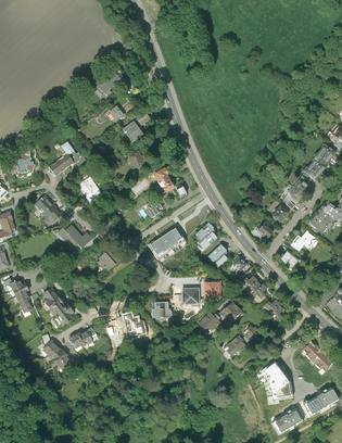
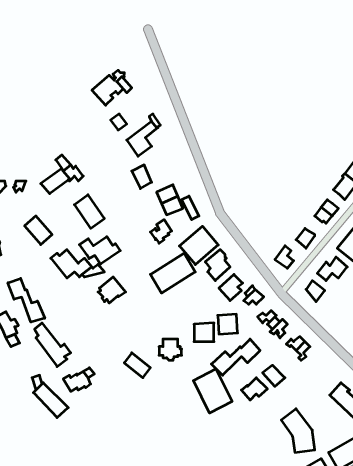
building: none -> [179,226,218,265]
building: none -> [79,237,120,264]
building: none -> [8,278,45,322]
building: none -> [193,369,232,413]

